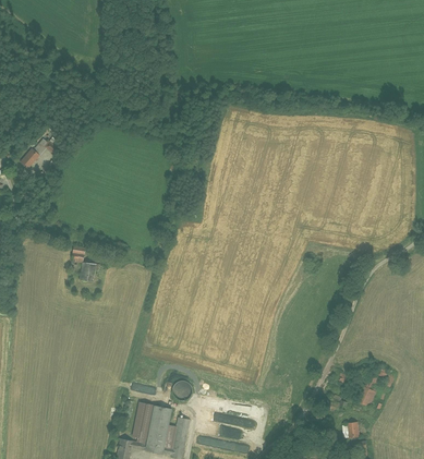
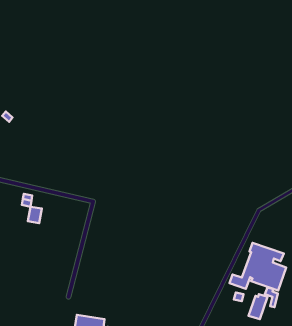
building: none -> [230,243,286,291]

